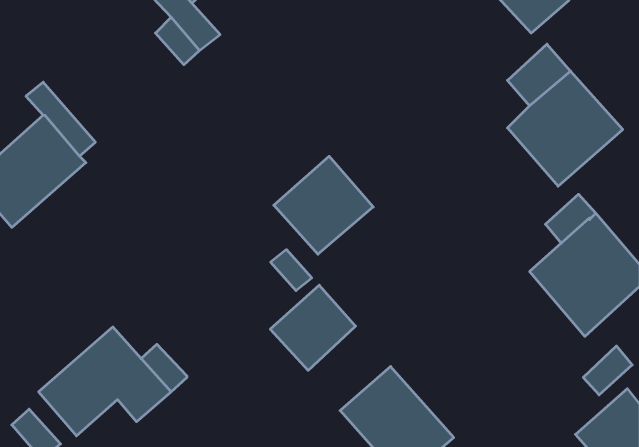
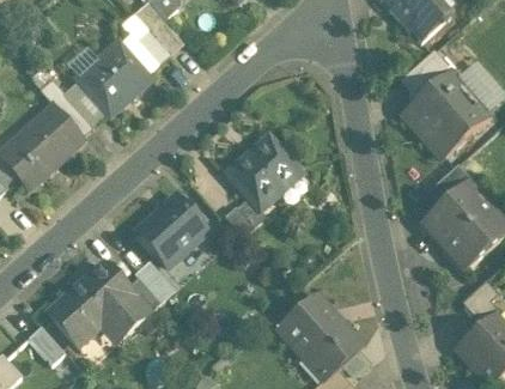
building: none -> [77,42,151,116]
building: [270,285,356,370] -> [138,200,202,265]
building: none -> [134,261,175,302]

